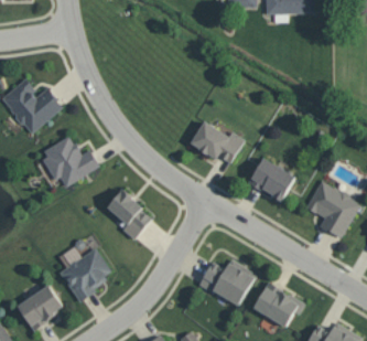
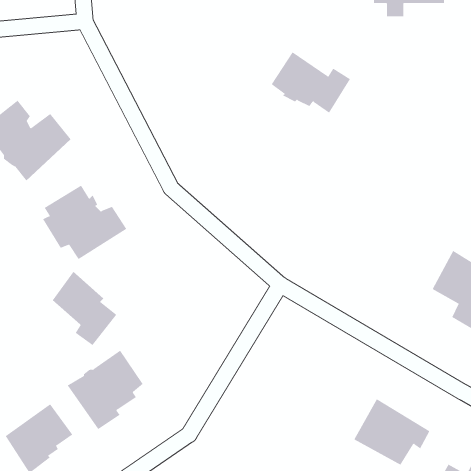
building: [190,121,244,163] -> [271,51,351,113]
building: [247,158,295,202] -> none
building: [107,189,151,239] -> [52,271,117,346]
building: [198,259,256,306] -> none

